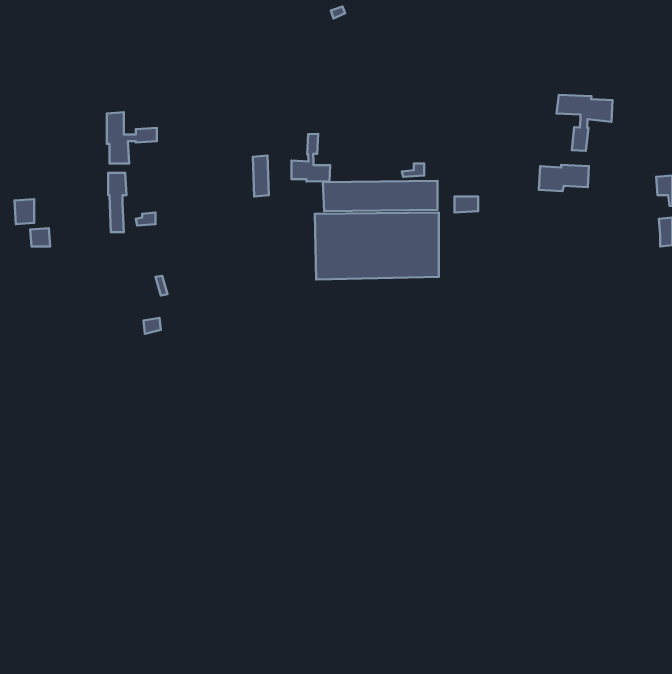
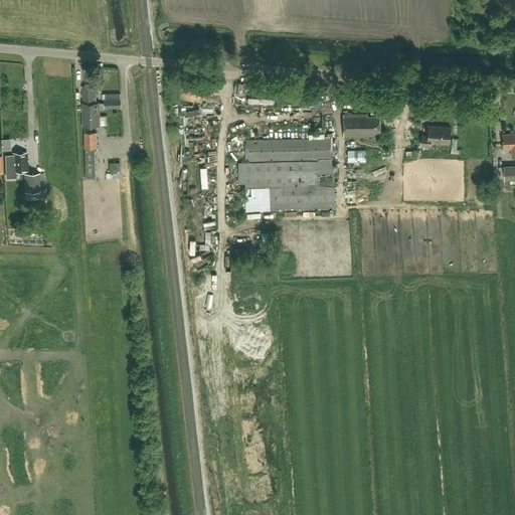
building: [557,95,612,151] -> none
building: [291,134,330,182] -> none
building: none -> [342,114,379,142]

